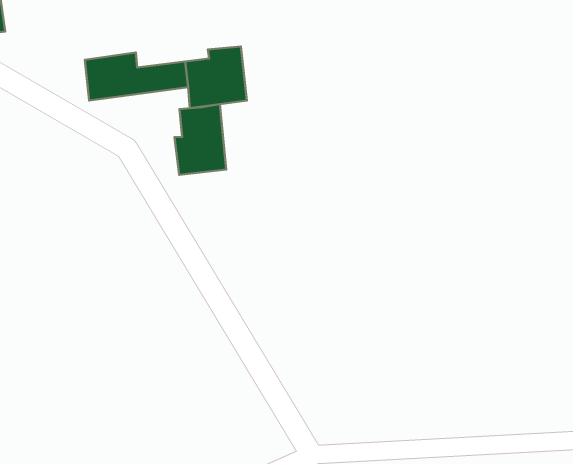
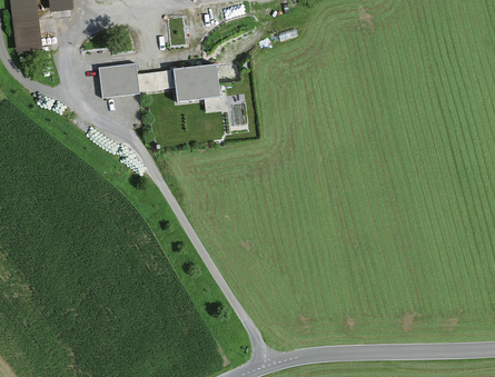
building: [174,104,226,175] -> none

